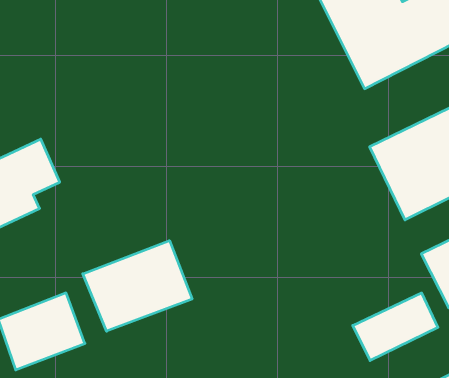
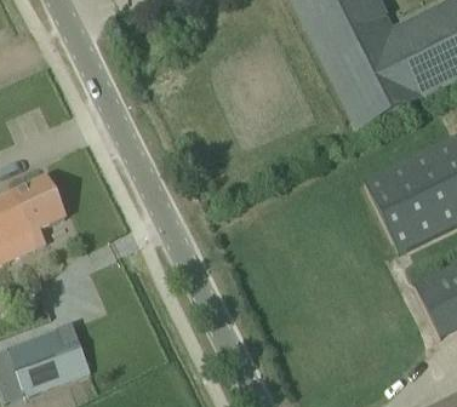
building: [83,241,192,331] -> none
building: [353,293,438,361] -> none

